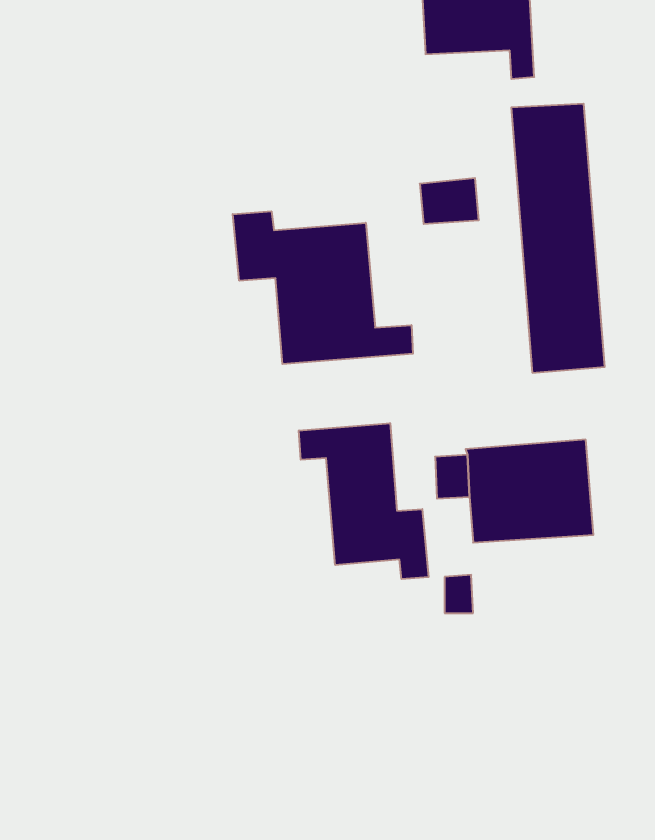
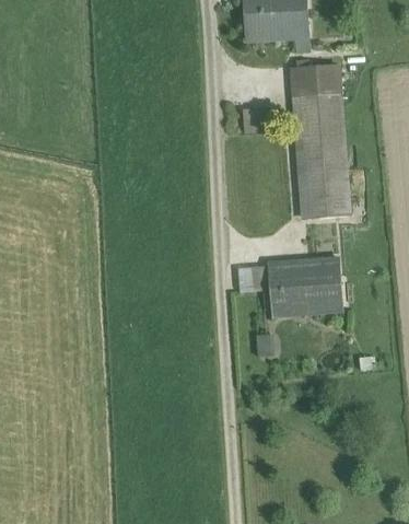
building: [233,211,413,364] -> none
building: [299,423,429,579] -> none

